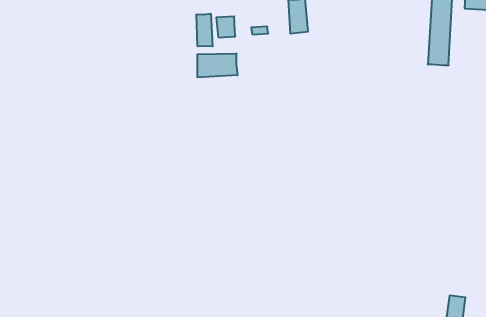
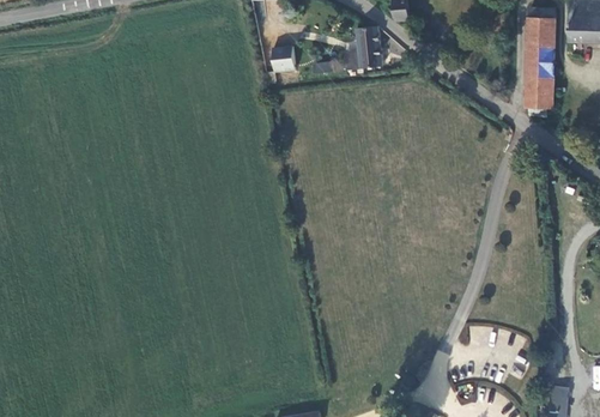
building: [197,14,213,46] -> none
building: [197,53,237,77] -> none

